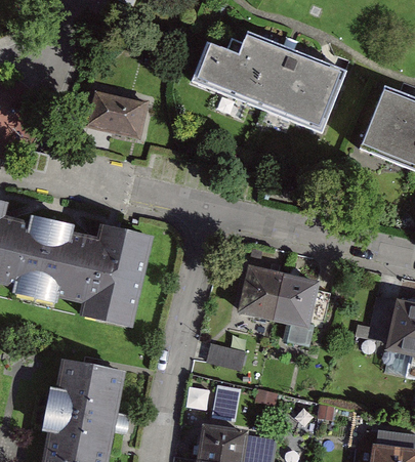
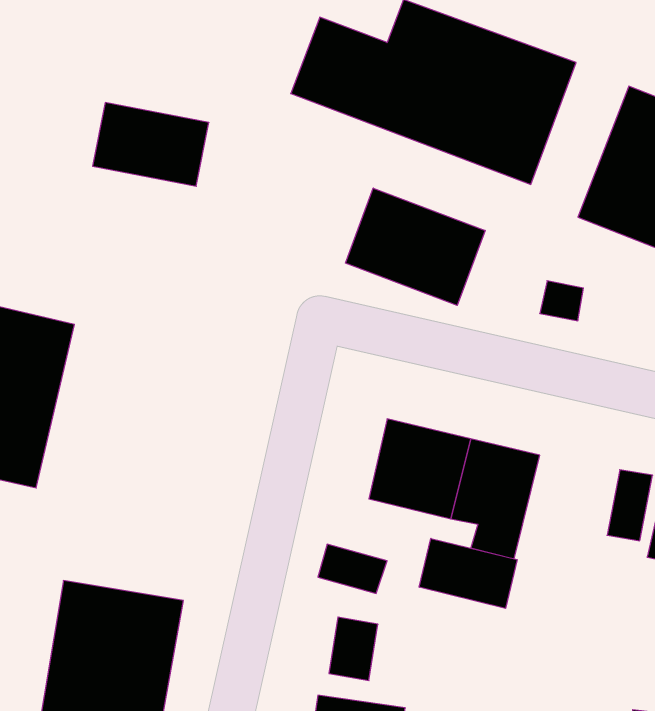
building: none -> [345,188,485,305]
building: [44,214,158,328] -> none
building: none -> [419,538,517,608]

